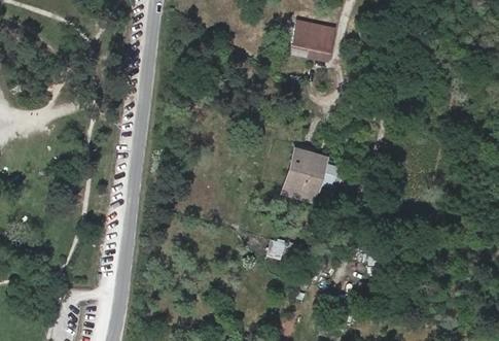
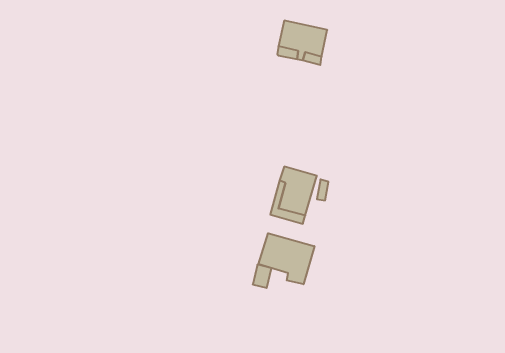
building: none -> [258,233,314,284]

